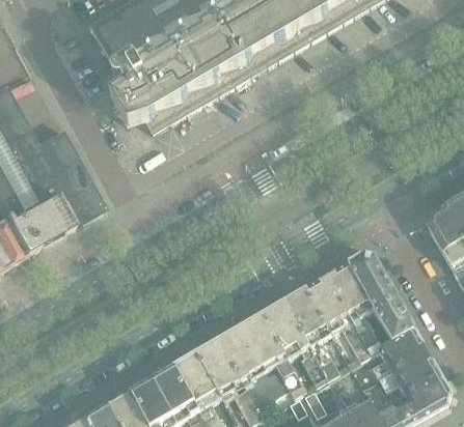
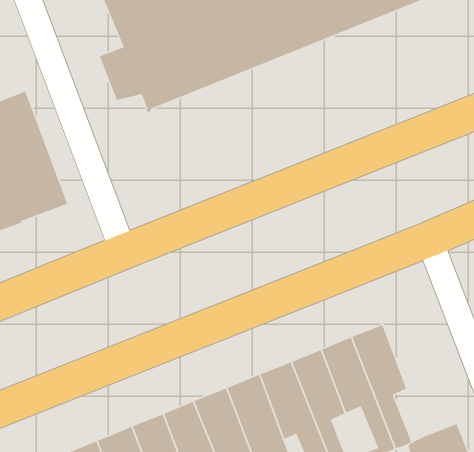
building: [345,255,410,340] -> none

